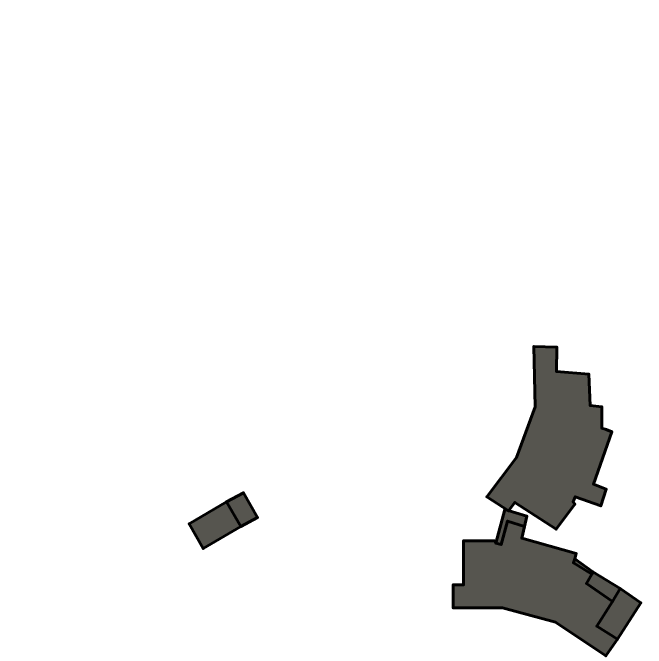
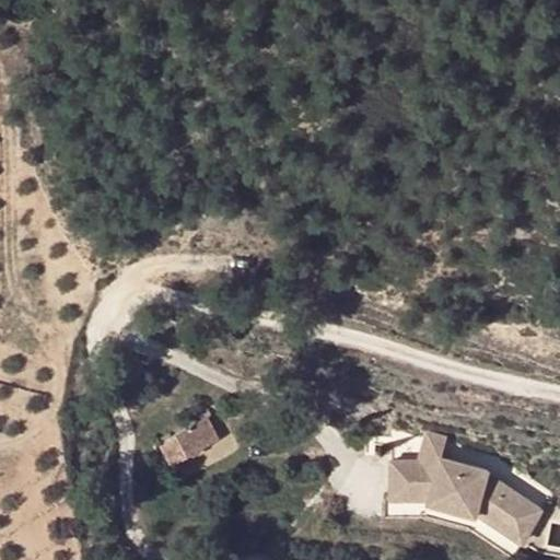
building: [487,346,612,529] -> none

